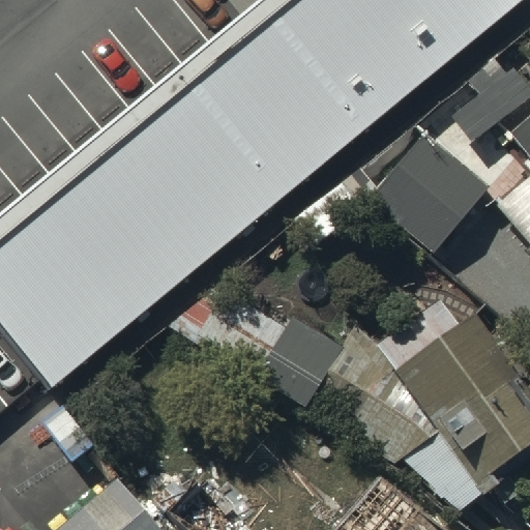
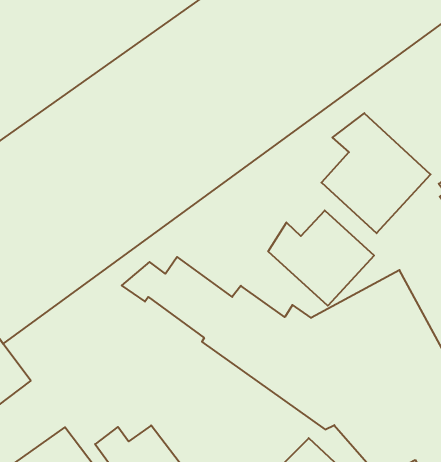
building: none -> [268,210,374,306]

